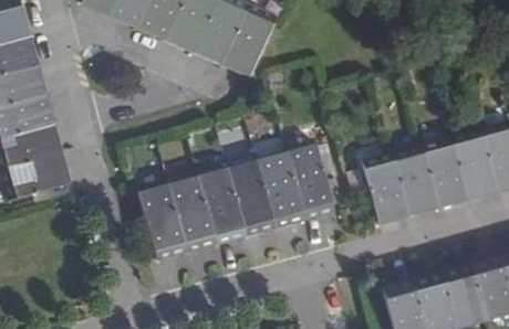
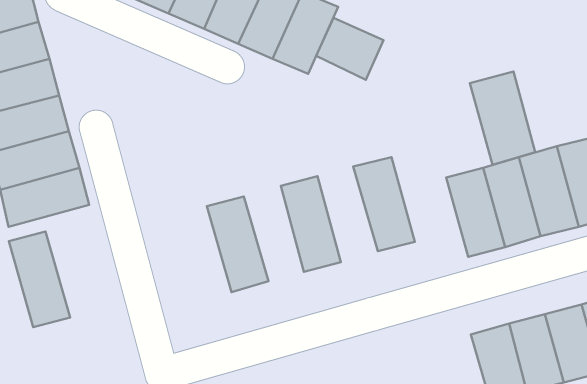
building: none -> [316,18,384,80]
building: none -> [470,72,535,165]
building: [258,151,307,229] -> none
building: [198,167,247,244] -> none
building: [138,183,188,261] -> [9,232,70,327]

